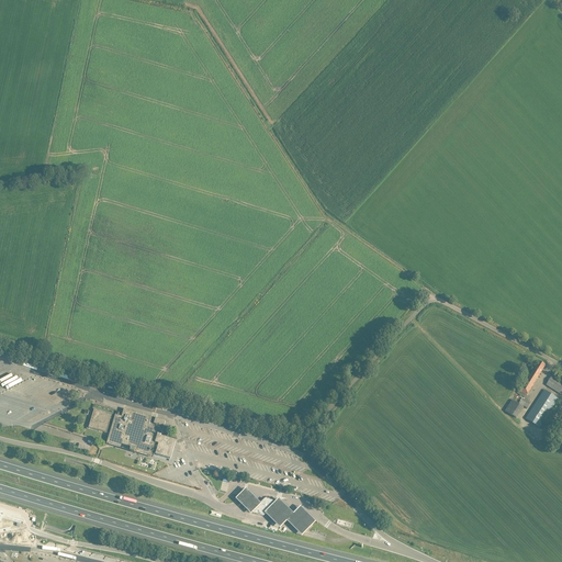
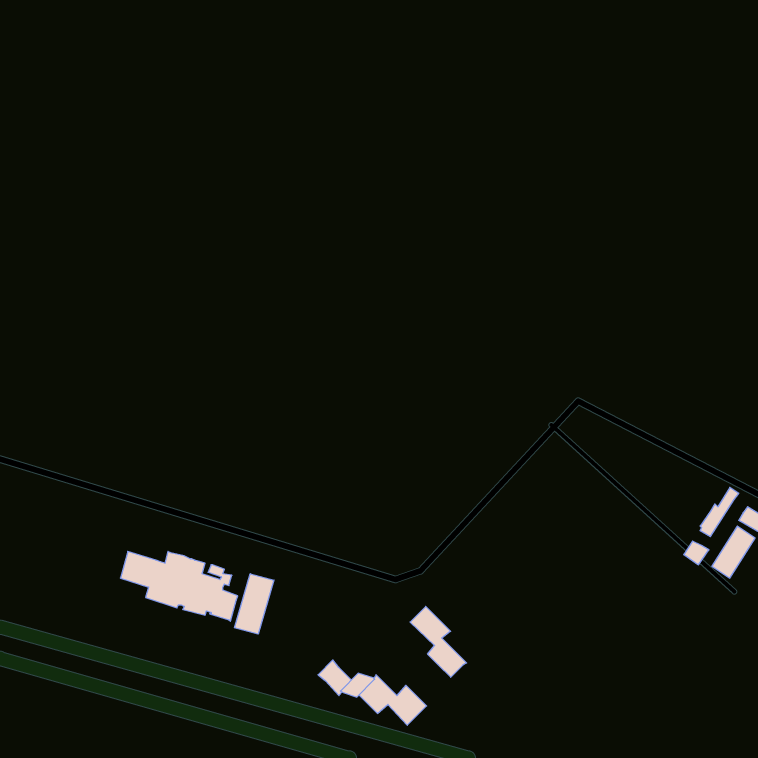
building: none -> [234,574,274,634]
building: none -> [410,606,467,677]

